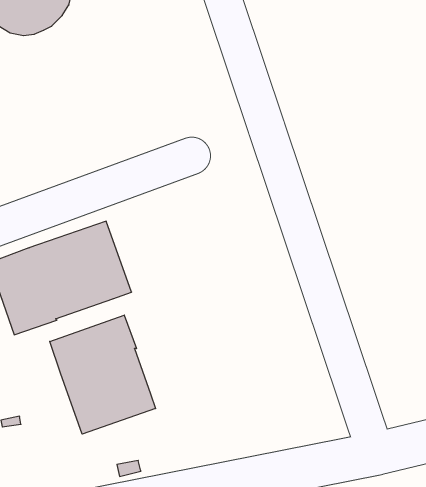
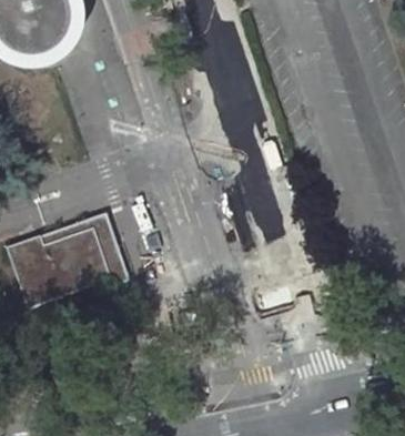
building: [50,315,156,434] -> none

